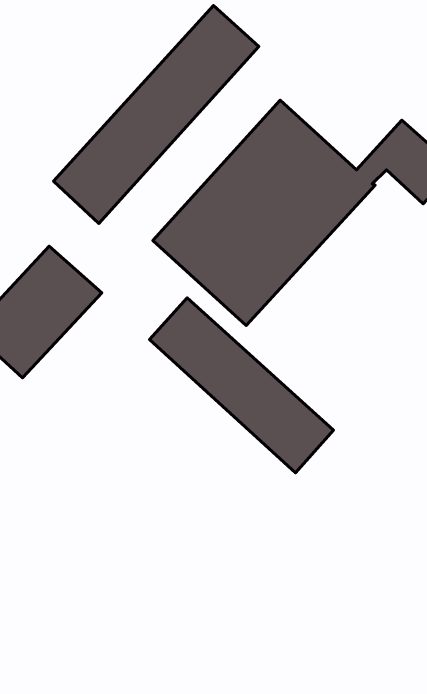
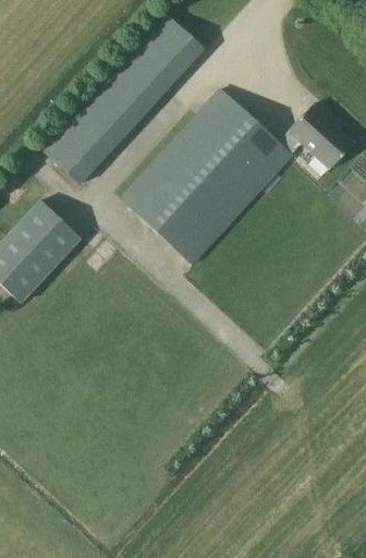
building: [149,298,333,473] -> none

